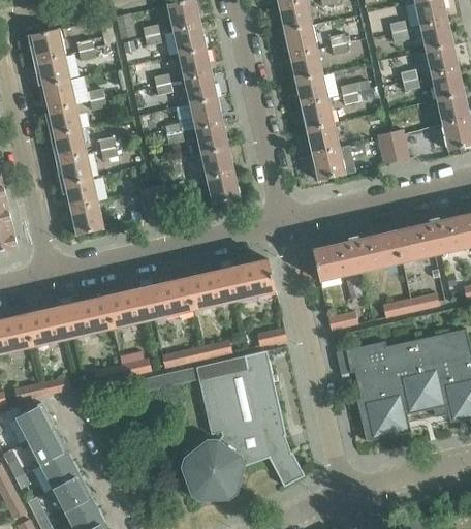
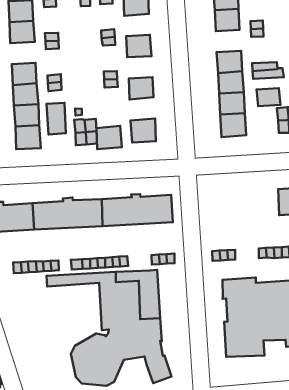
building: [177,48,211,79] -> none
building: [288,49,322,80] -> none
building: [188,97,222,128] -> none
building: [46,103,81,134] -> none
building: none -> [256,88,281,106]
building: [199,146,233,178] -> [96,126,122,149]
building: none -> [46,103,66,135]
building: [312,230,400,280] -> none

